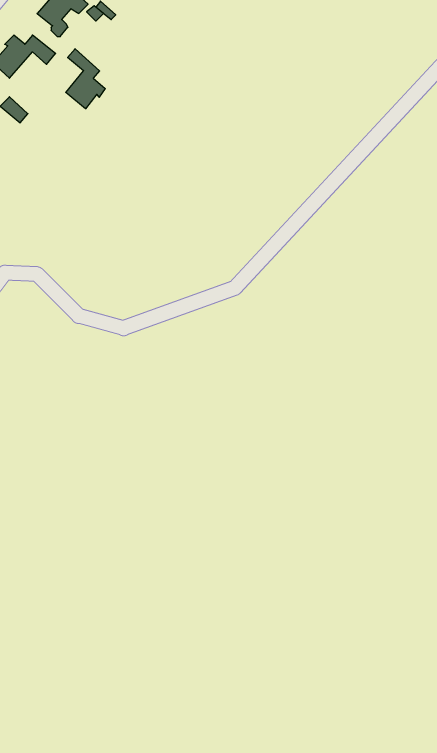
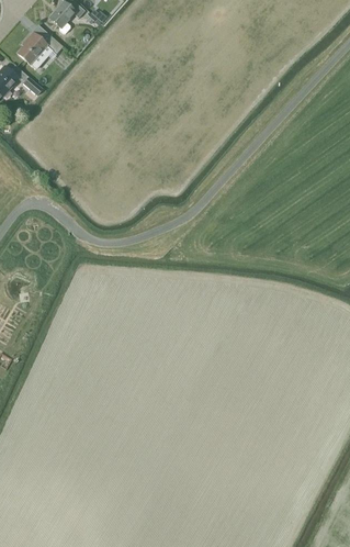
building: [66,49,105,109] -> none

